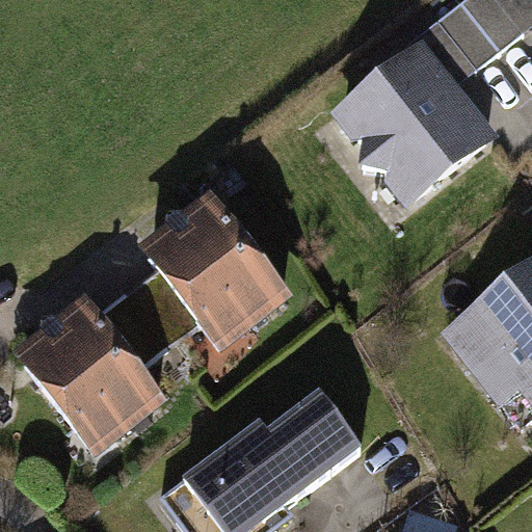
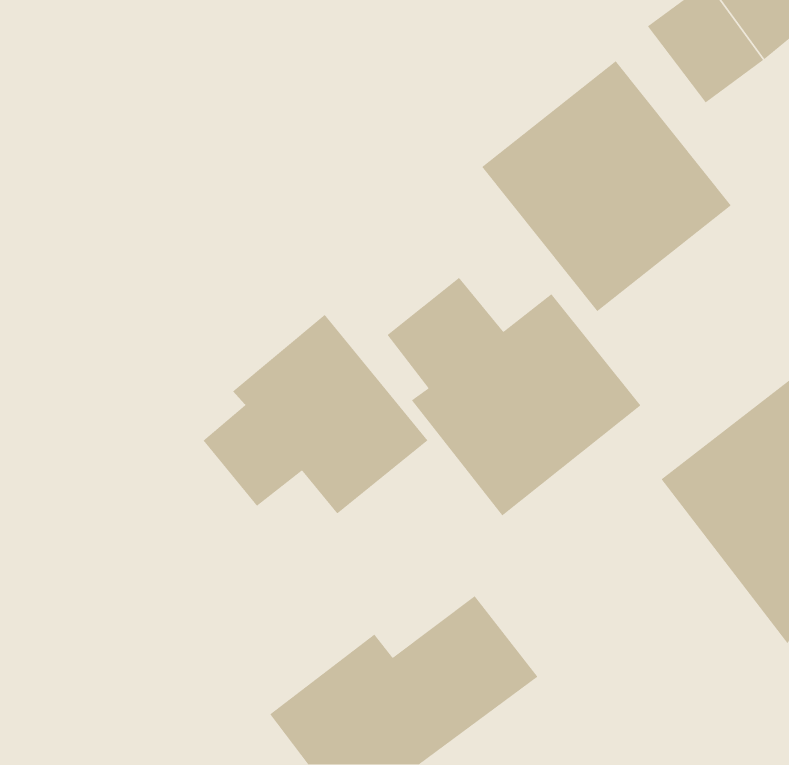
building: none -> [386,277,641,516]
building: [23,296,174,457] -> none

